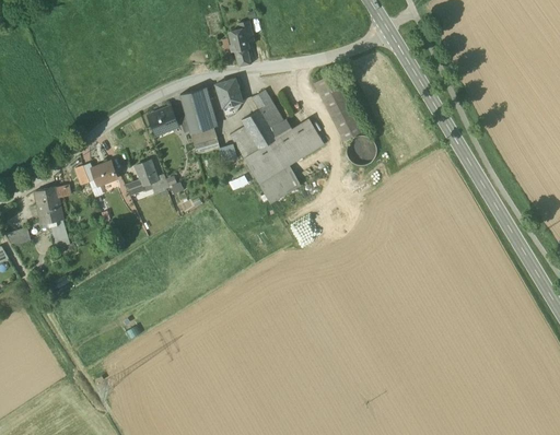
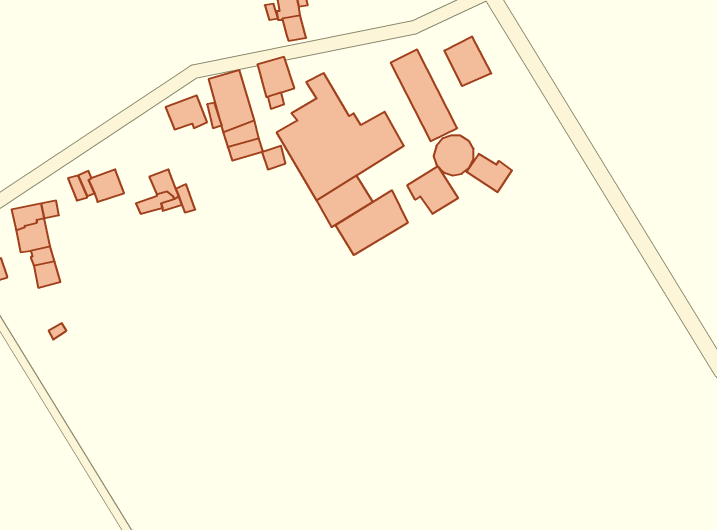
building: none -> [444,36,491,86]
building: none -> [466,154,512,192]
building: none -> [407,166,458,214]
building: none -> [335,190,408,255]

